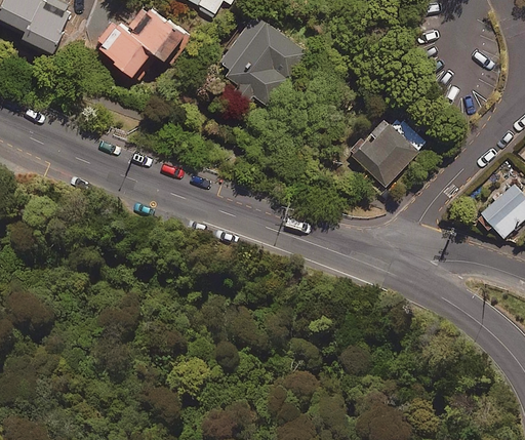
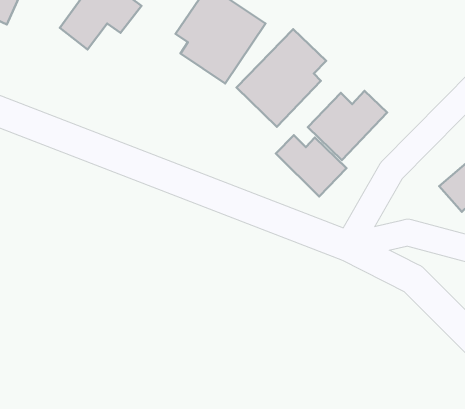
building: none -> [236,29,326,127]
building: none -> [276,135,346,196]

